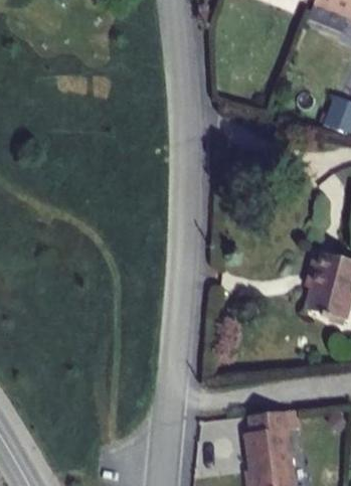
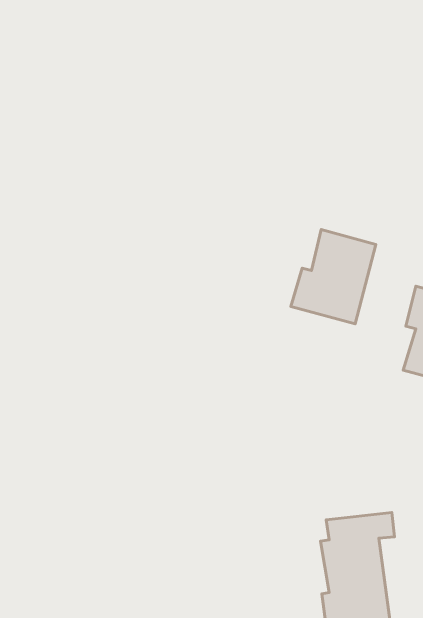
building: none -> [291,230,376,324]

